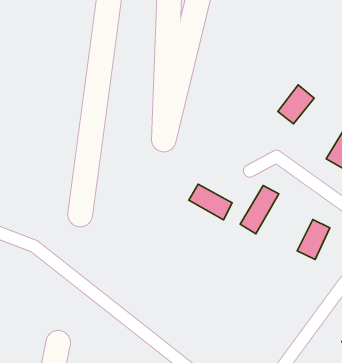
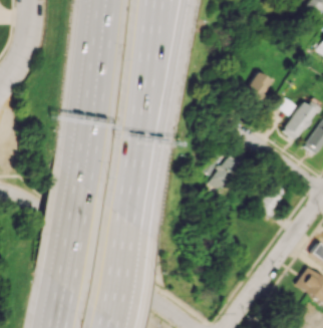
building: [189,184,232,220] -> none

